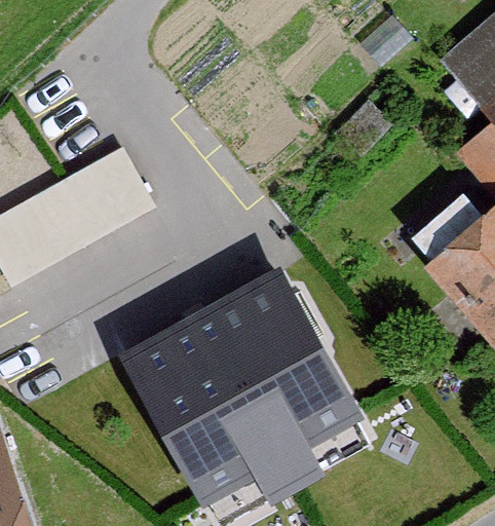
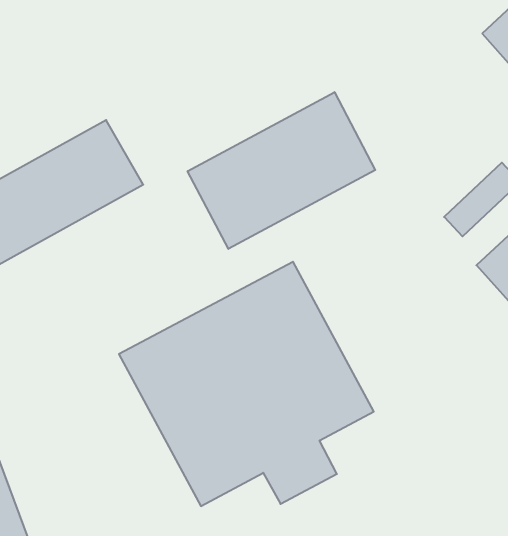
building: none -> [188,92,375,249]

